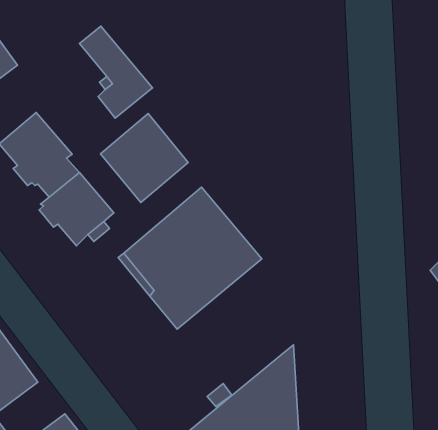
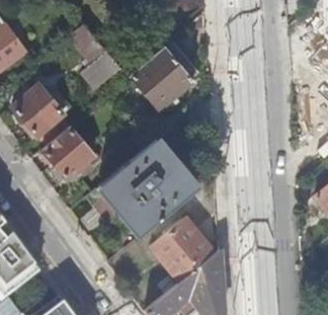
building: [101,114,188,203] -> [131,46,192,108]
building: none -> [151,217,215,281]

